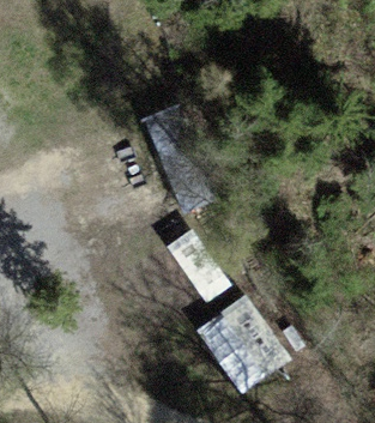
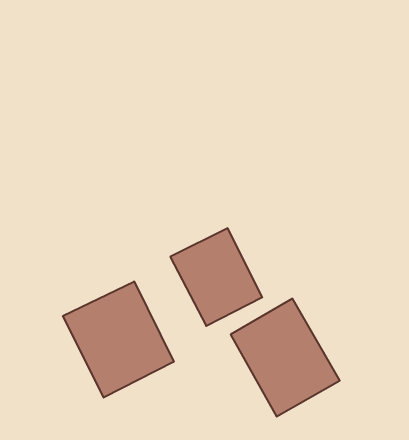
building: none -> [63,281,174,398]

